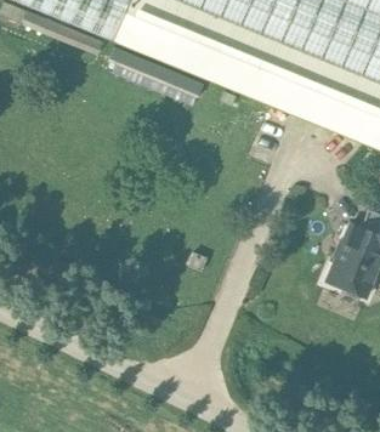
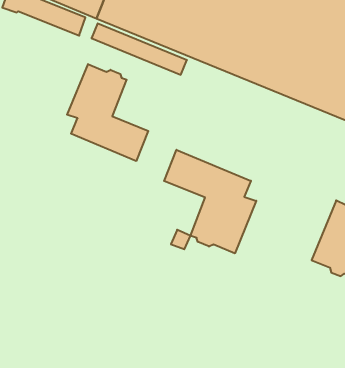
building: none -> [67,64,148,161]
building: none -> [164,150,256,253]

